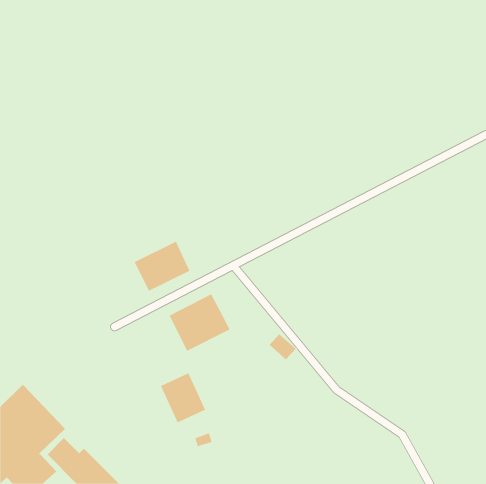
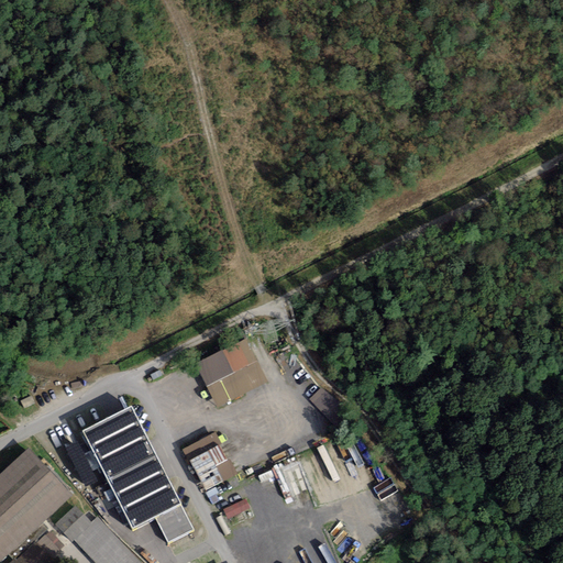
building: [134,241,190,292] -> none
building: none -> [82,409,191,542]

